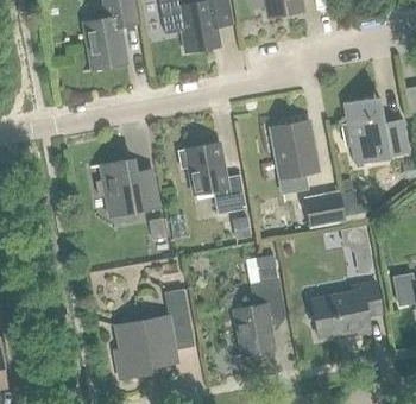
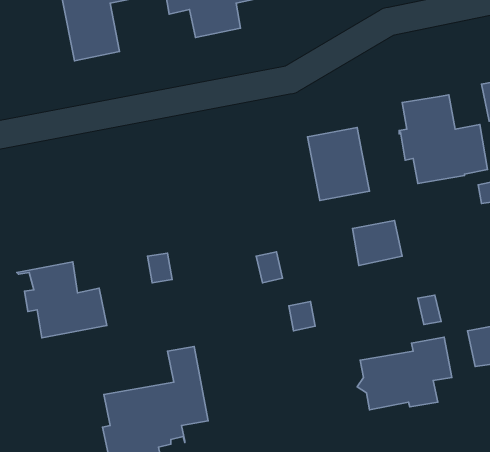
building: [177,143,246,214] -> none
building: [90,158,159,216] -> [17,262,107,338]
building: [233,278,284,355] -> none

